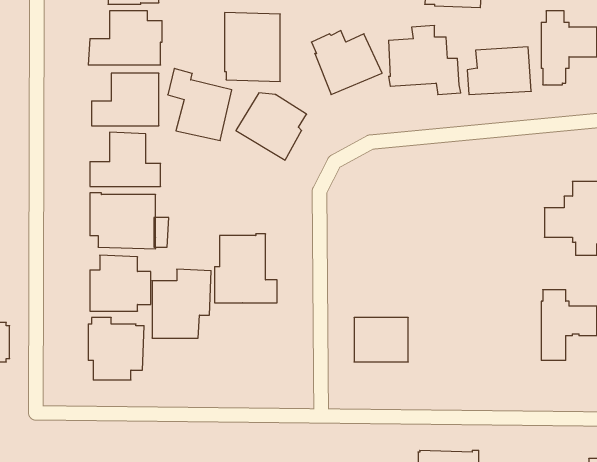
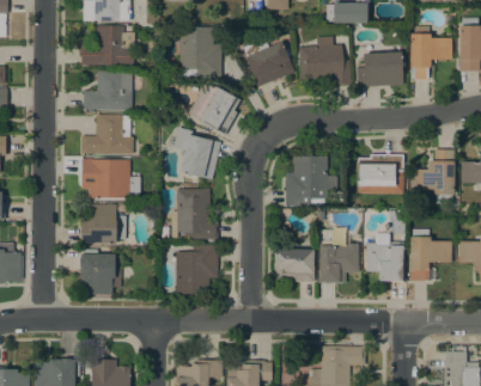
building: [168,68,232,141] -> [173,127,220,179]
building: none -> [285,153,336,206]
building: none -> [357,154,403,194]
building: [152,269,211,338] -> [175,244,218,294]
building: none -> [318,229,359,282]
building: none -> [366,233,403,281]

